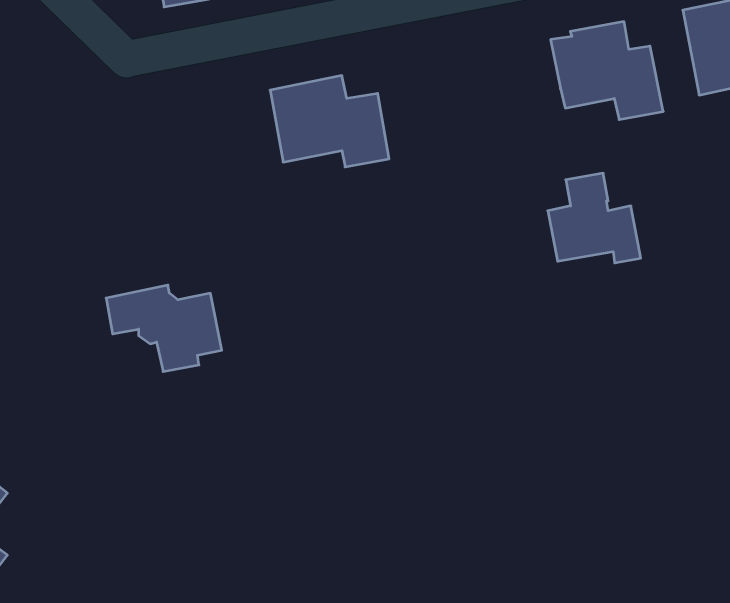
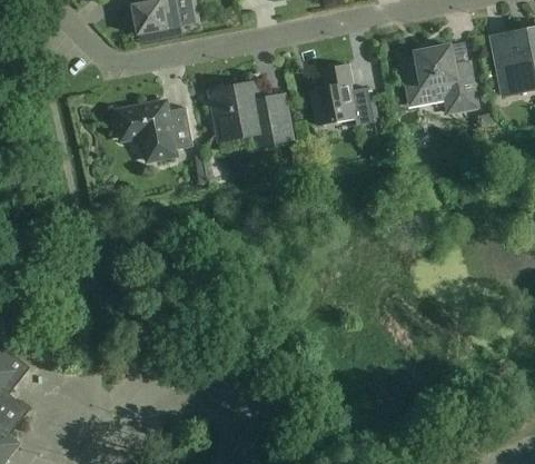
building: [548,173,641,263] -> [310,63,374,125]
building: [106,285,222,372] -> [113,100,192,159]

